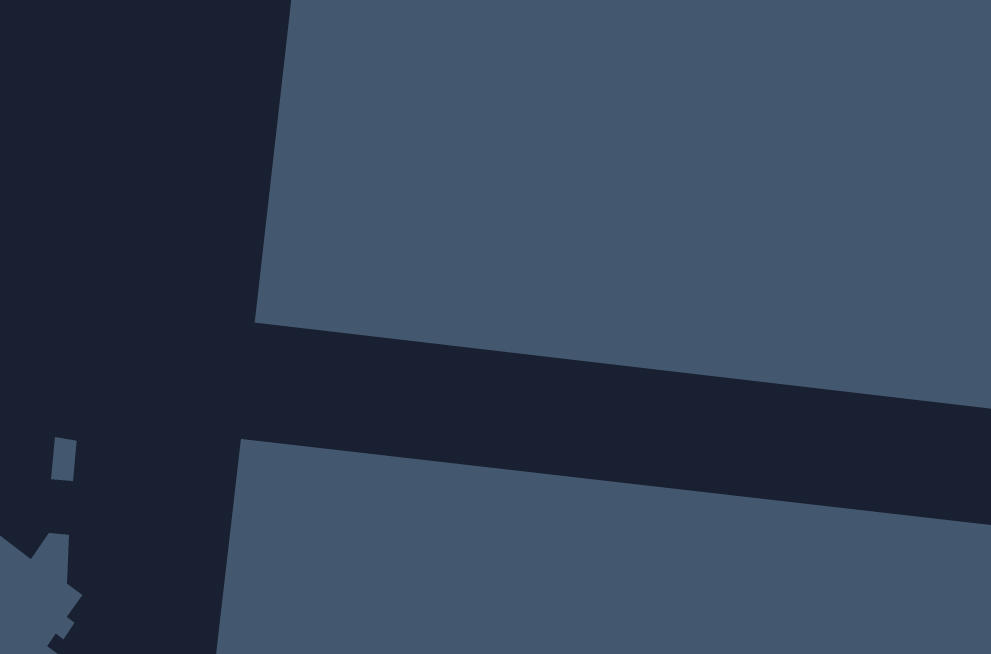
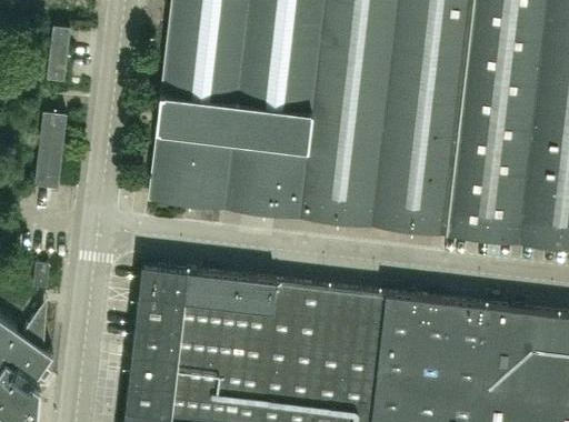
building: none -> [47,28,70,83]
building: none -> [34,114,66,191]

